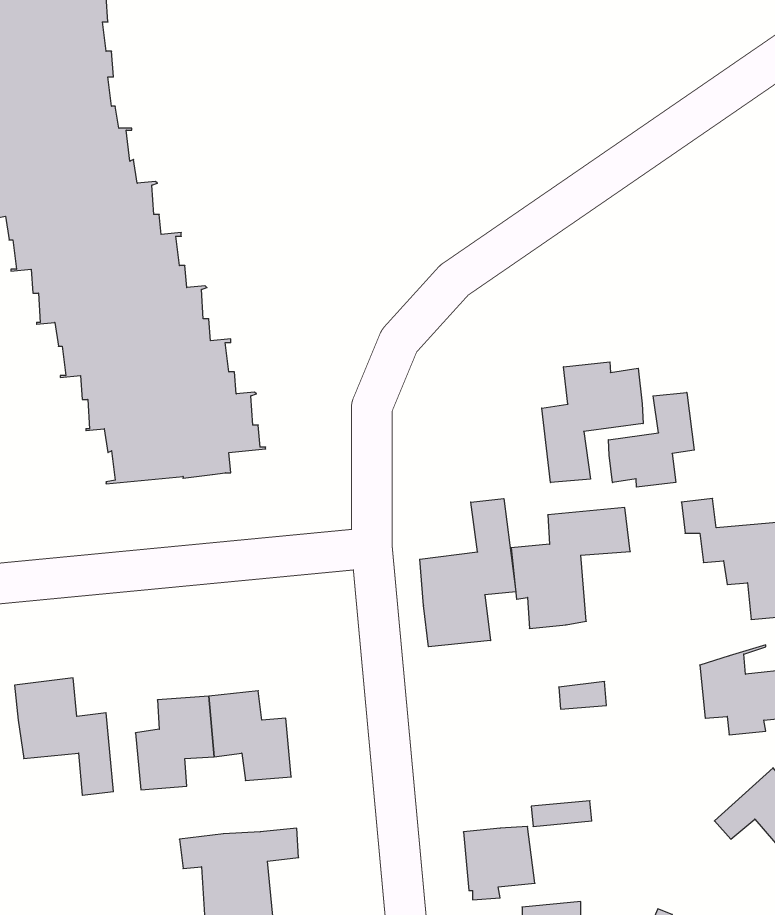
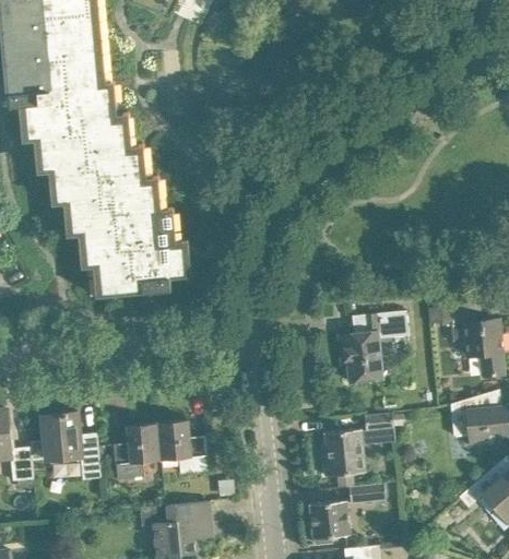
building: [542,362,643,483] -> none
building: [608,392,694,487] -> none
building: [420,499,516,647] -> none
building: none -> [321,429,366,477]

